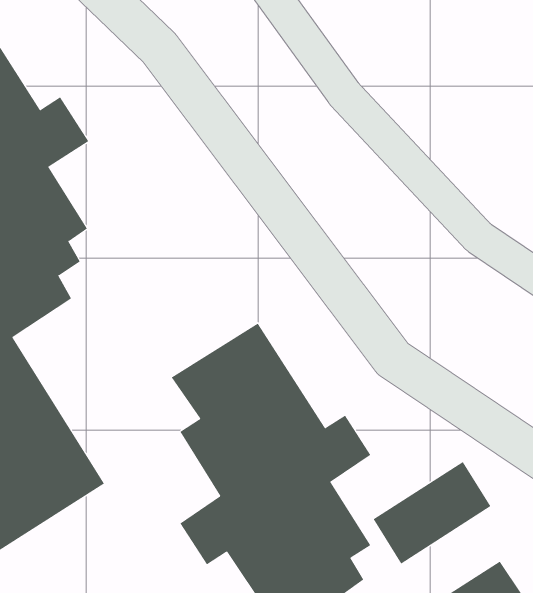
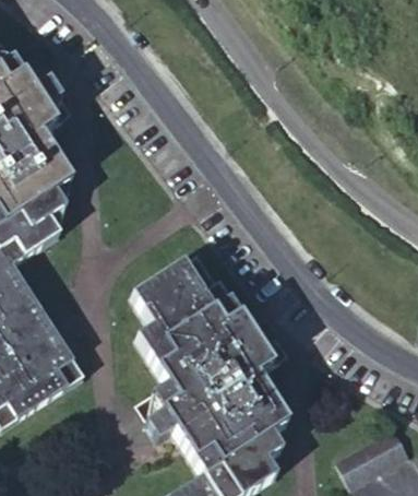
building: [373,461,491,564] -> none

